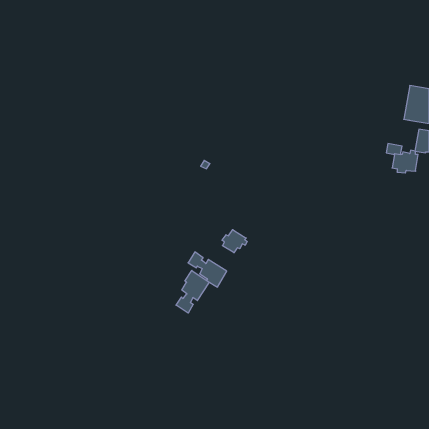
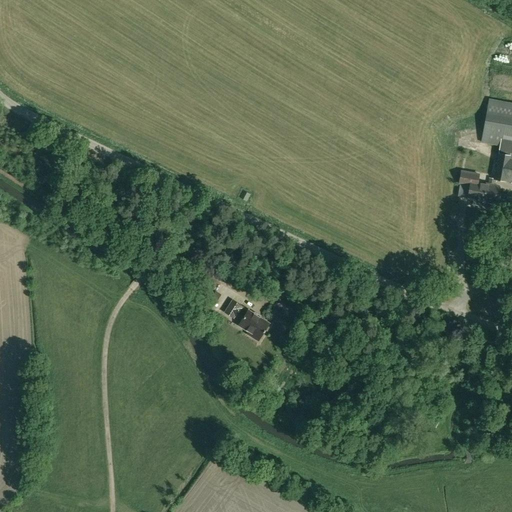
building: [222,230,247,253] -> none
building: [176,270,209,313] -> none

